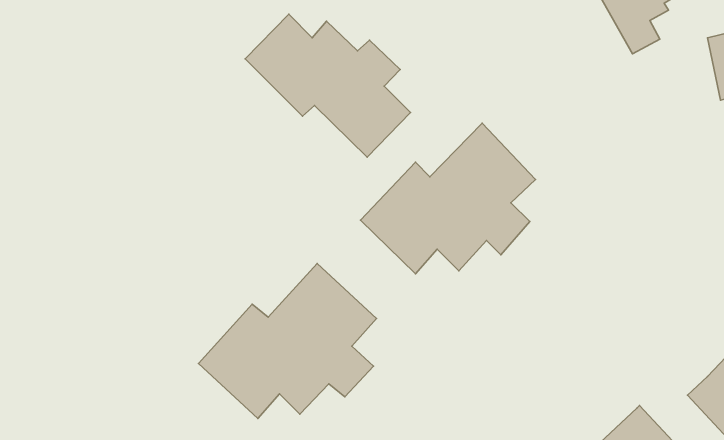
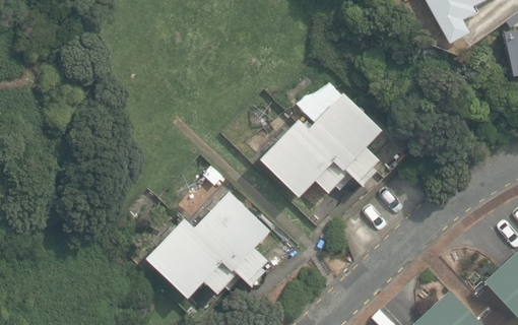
building: [245,14,411,157] -> none

